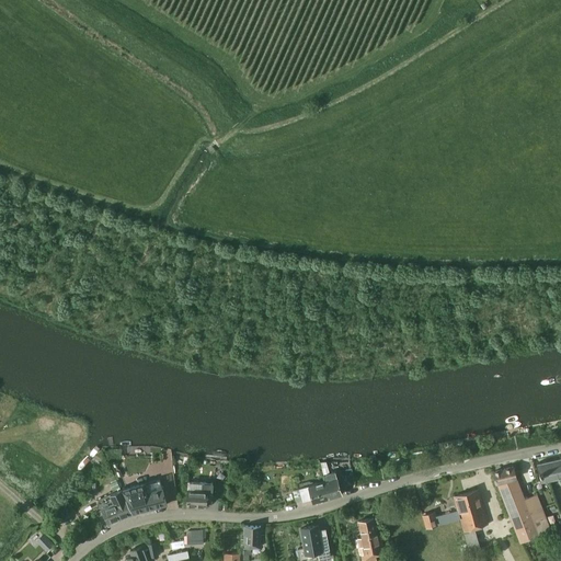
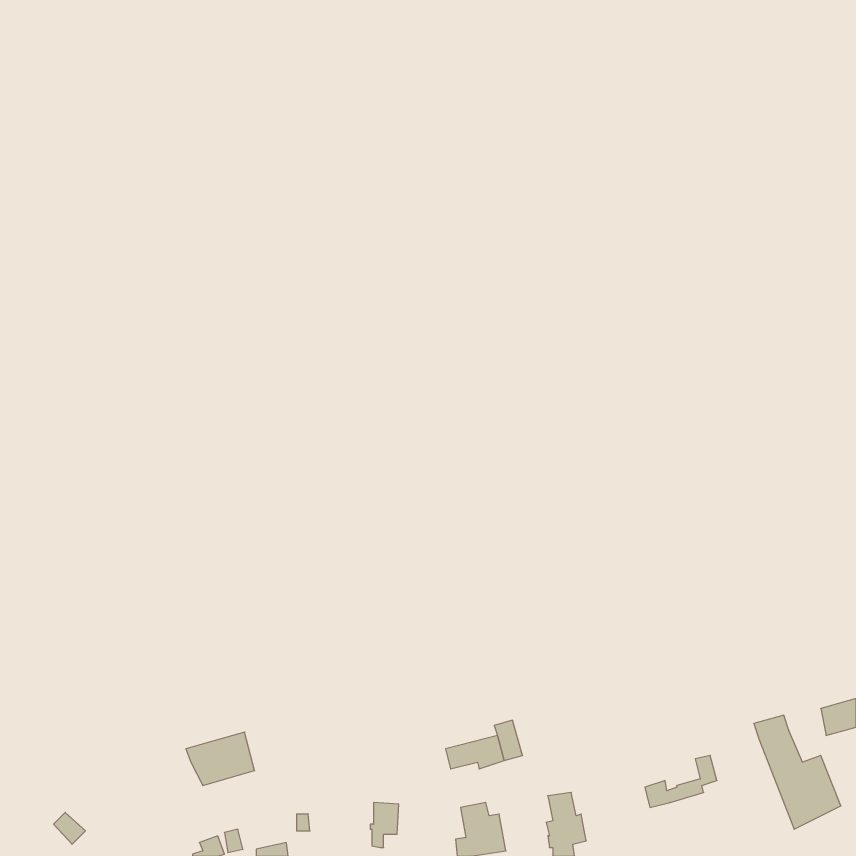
building: [187,483,213,508] -> none
building: [98,490,133,524] -> none
building: [459,490,488,553] -> none

